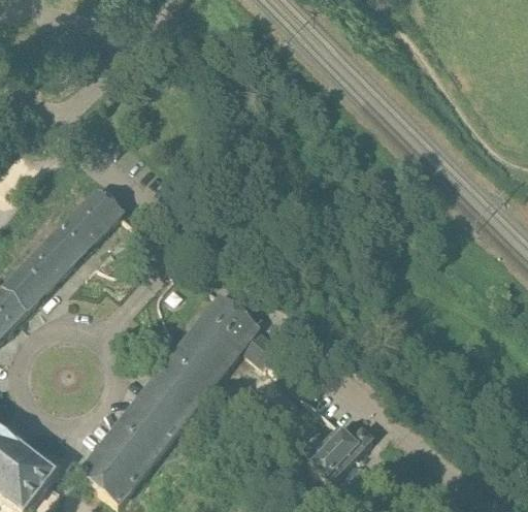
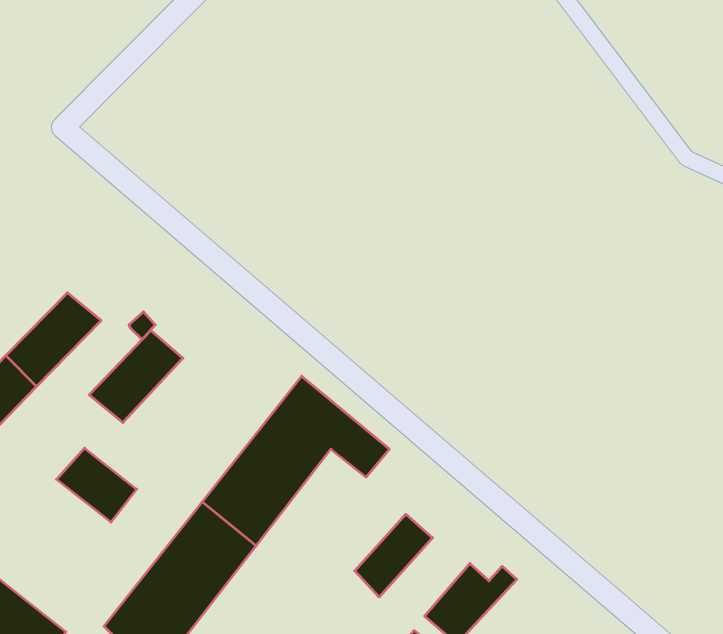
building: [56,188,122,253] -> [89,330,183,423]
building: none -> [56,448,137,522]
building: none -> [355,514,433,597]

